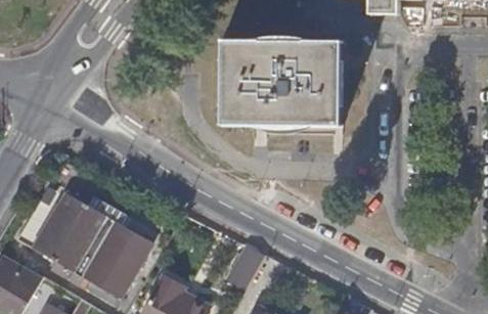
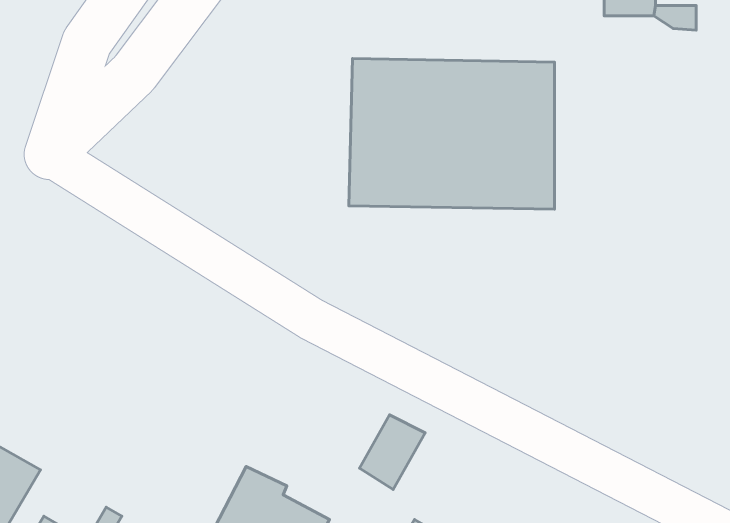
building: [32,192,152,300] -> none

